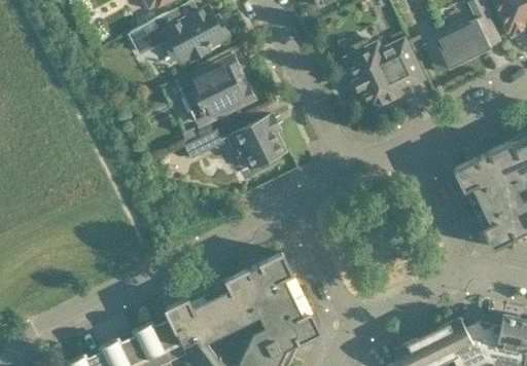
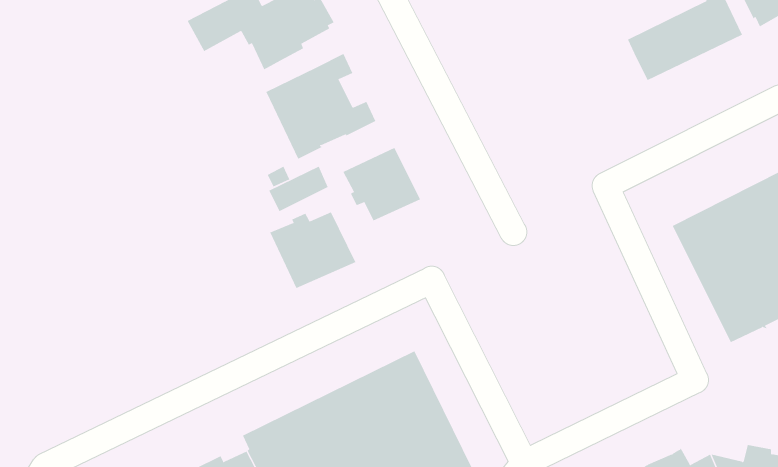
building: [344,40,423,110] -> none
building: none -> [269,211,356,289]

